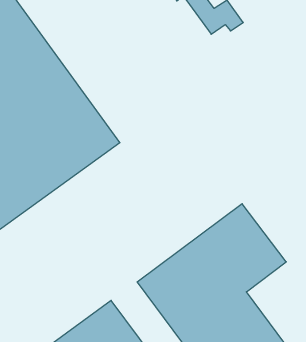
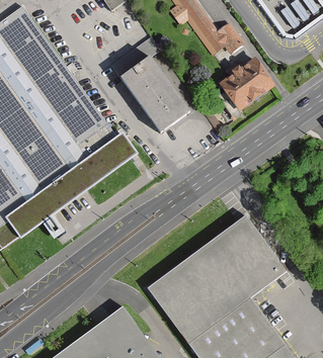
building: none -> [112,36,191,133]
building: none -> [215,60,274,115]

